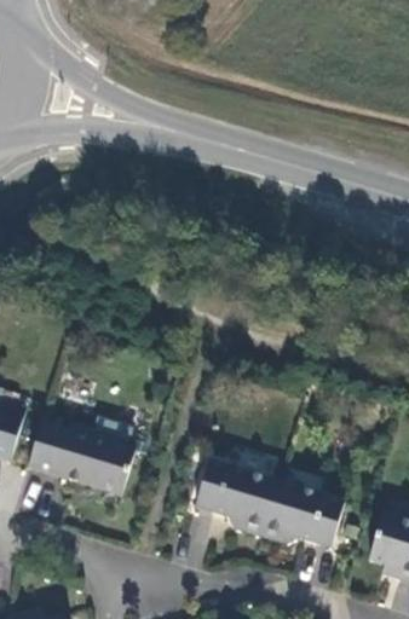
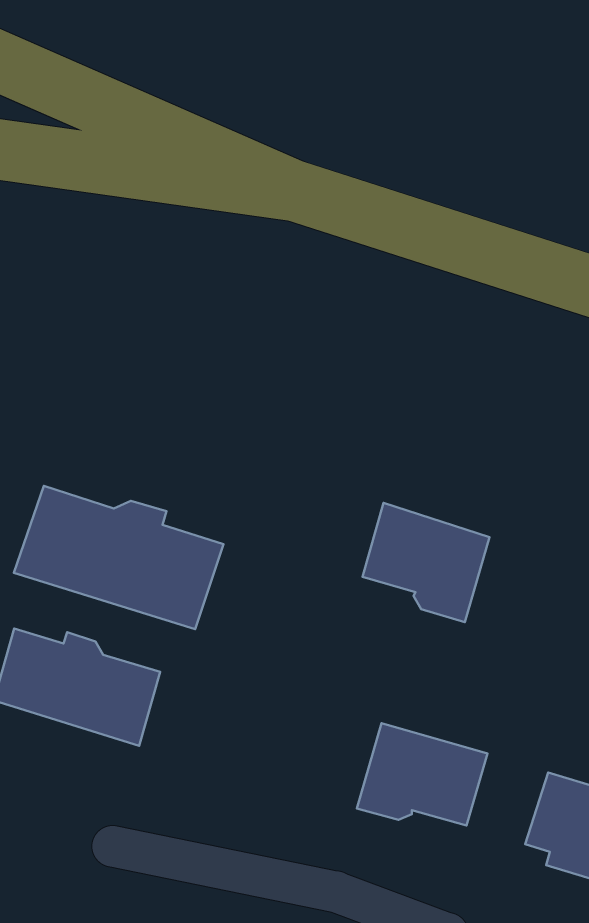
building: none -> [14,486,224,629]
building: [195,457,276,533] -> [363,503,489,622]

